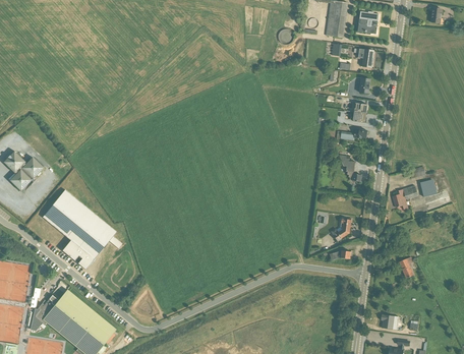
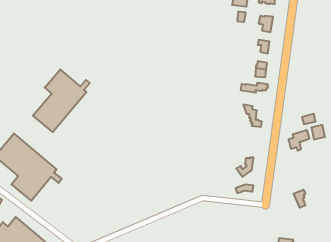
building: none -> [33,69,90,132]

